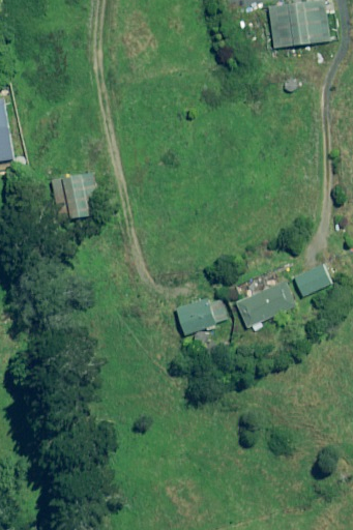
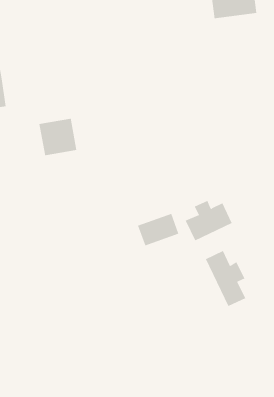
building: [294,264,330,296] -> none
building: none -> [205,250,246,307]

